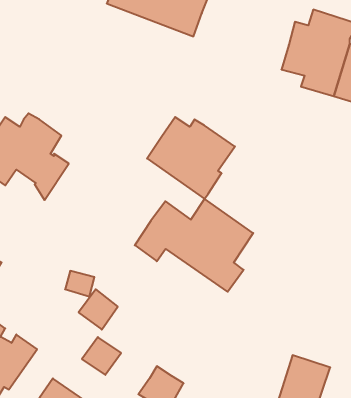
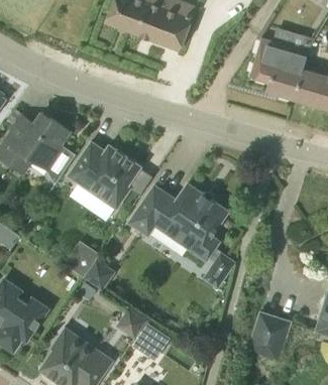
building: [147,117,235,199] -> [68,142,140,210]
building: none -> [201,252,235,290]
building: [82,337,121,375] -> [115,307,147,339]

